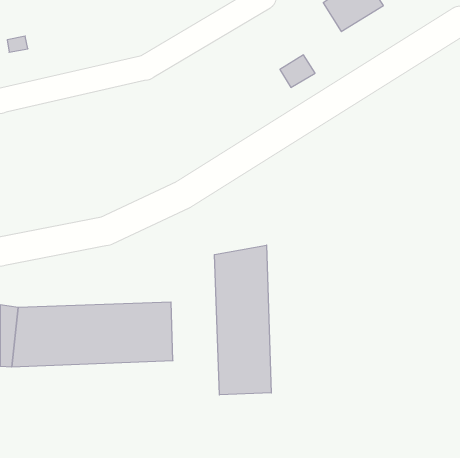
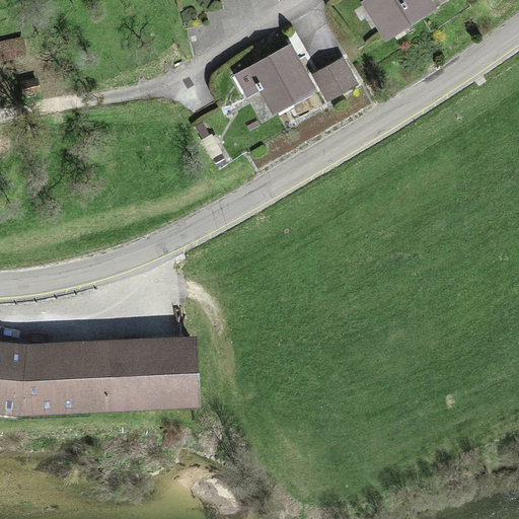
building: none -> [232,46,313,110]
building: [214,245,271,395] -> none

